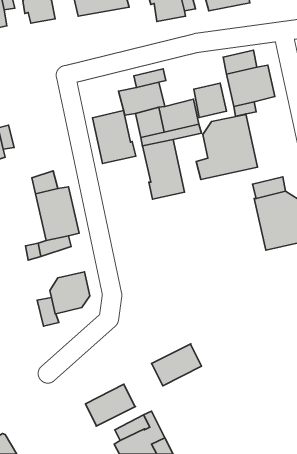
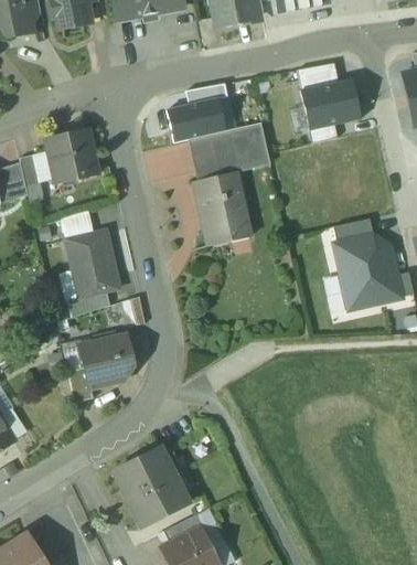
building: [194,83,226,118] -> none
building: none -> [45,130,97,182]
building: [92,111,136,163] -> none
building: [196,114,258,180] -> none
building: [151,344,201,386] -> [113,447,174,499]

